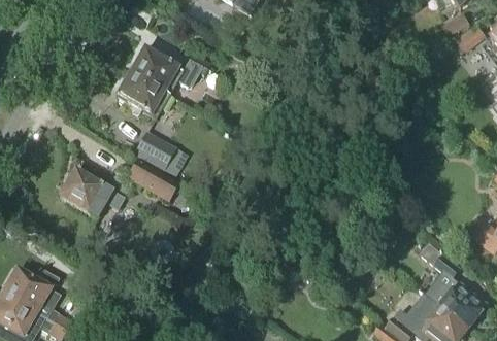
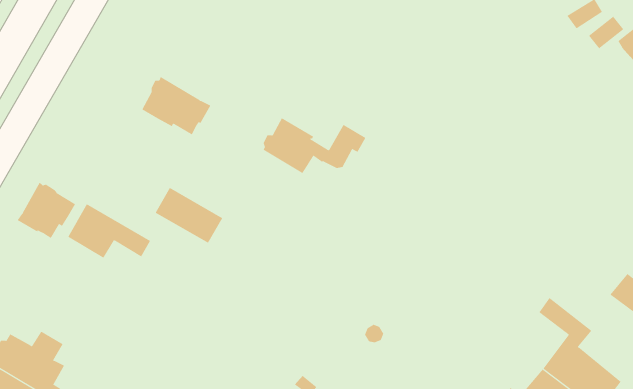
building: [131,44,210,88] -> [263,118,366,174]
building: [135,129,175,166] -> none
building: none -> [17,182,76,239]

